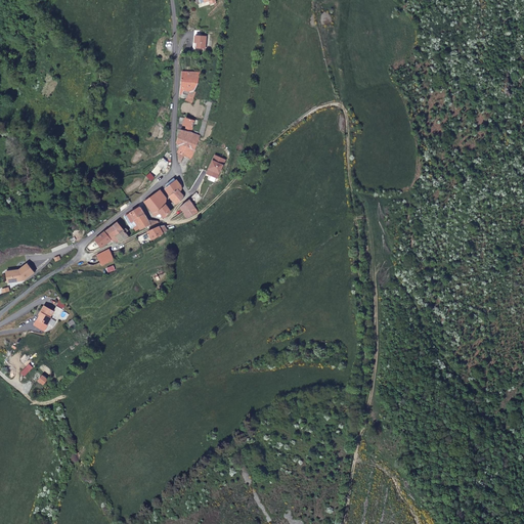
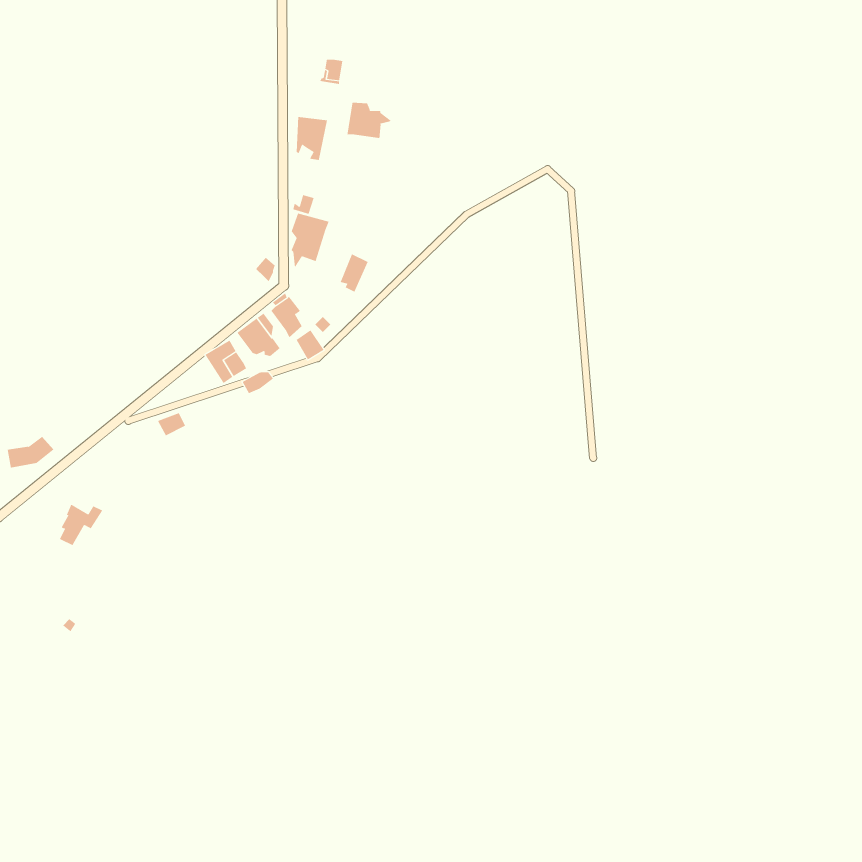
building: none -> [347,102,391,139]
building: [93,221,129,246] -> none

